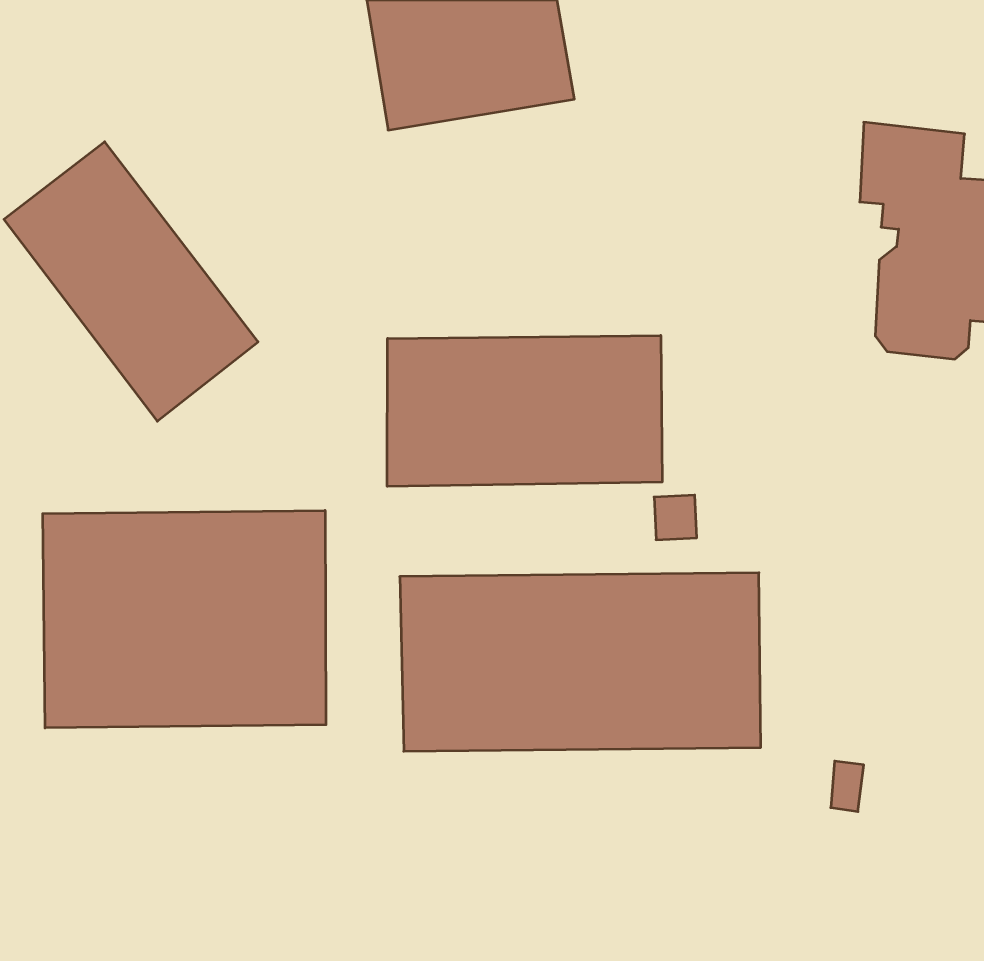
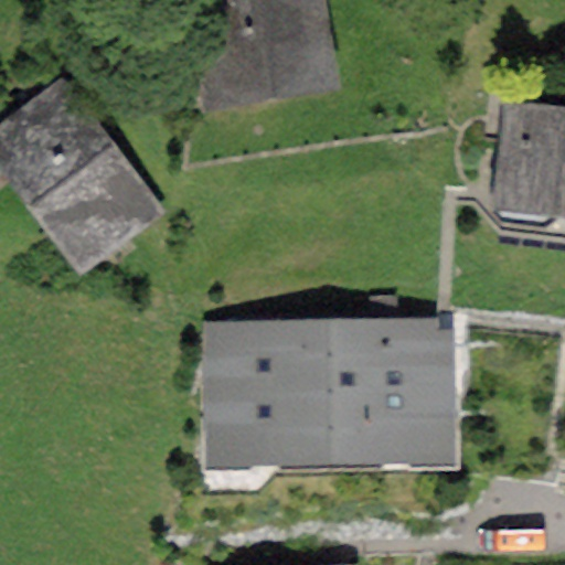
building: [387,335,662,486] -> none
building: [43,510,326,728] -> none

